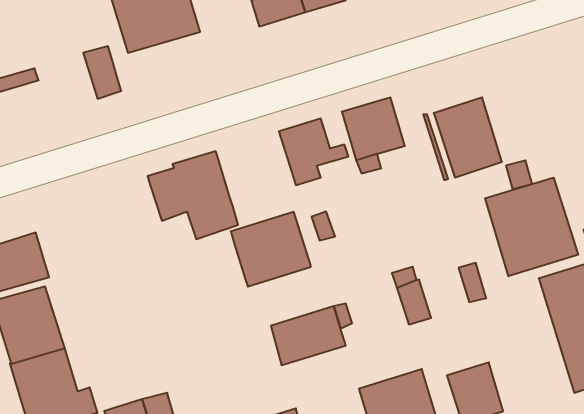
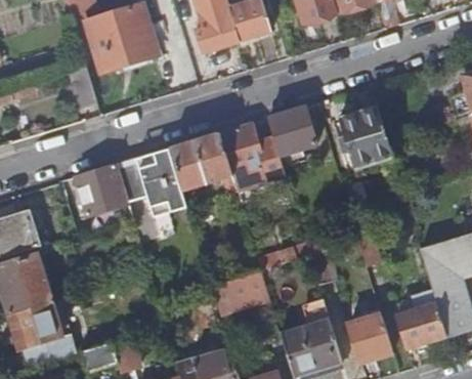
building: none -> [79,165,127,217]
building: [485,178,578,276] -> none
building: [231,212,311,287] -> [169,133,231,192]
building: none -> [394,291,448,349]

